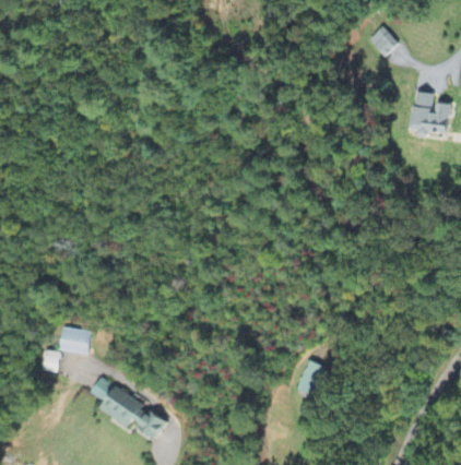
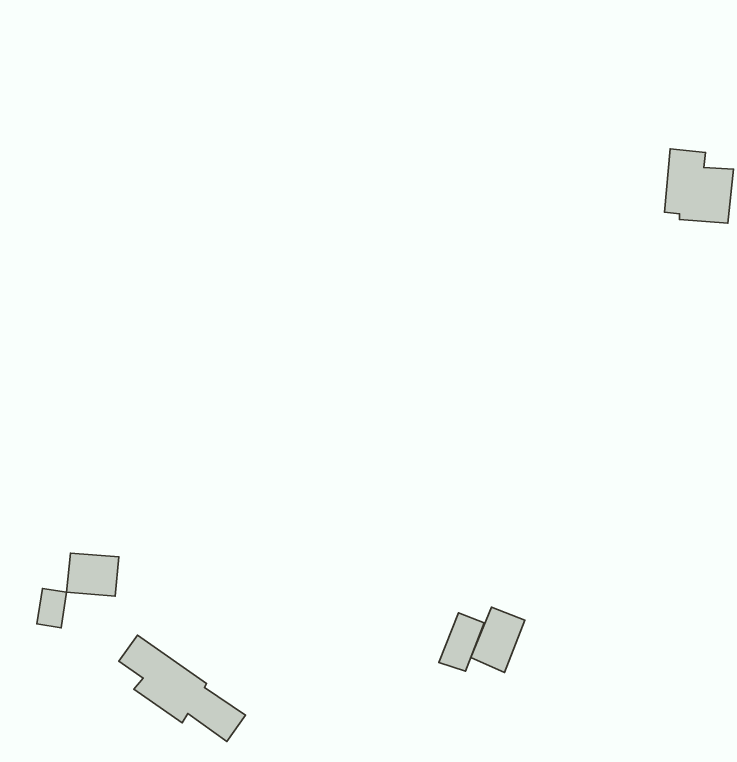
building: [368,26,399,56] -> none
building: none -> [439,613,484,671]

